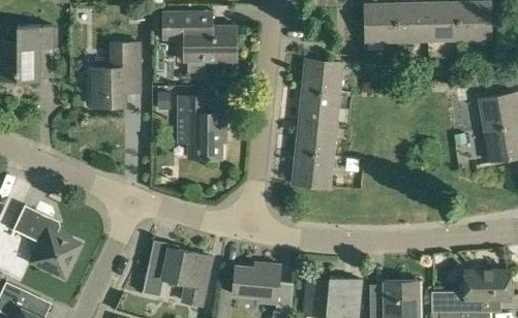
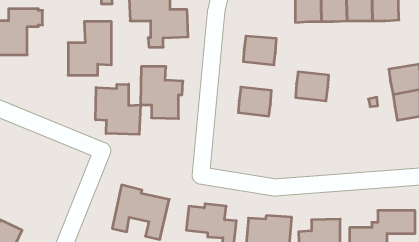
building: [299,90,339,125] -> [296,72,329,101]
building: none -> [96,84,140,134]
building: [292,152,333,187] -> none
building: [12,204,82,278] -> none

